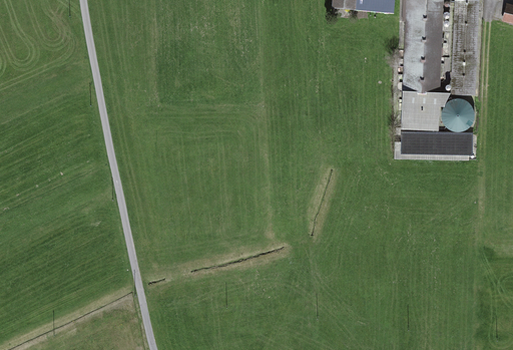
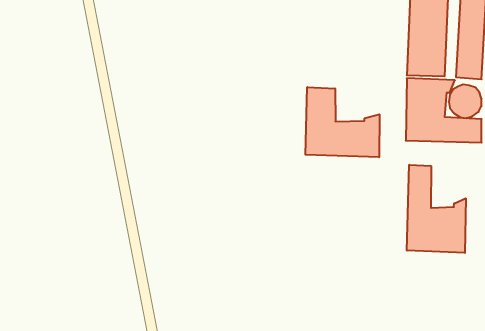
building: none -> [305,87,379,157]
building: none -> [407,165,466,253]

